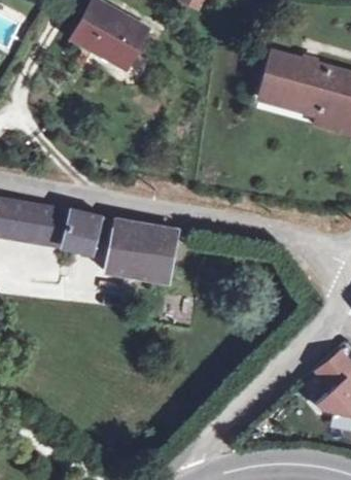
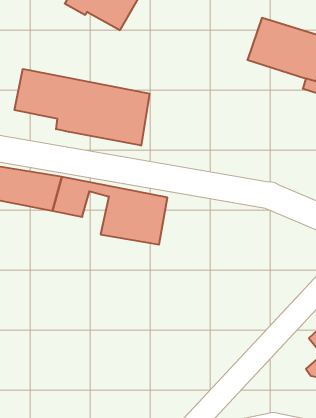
building: none -> [15,69,150,146]

